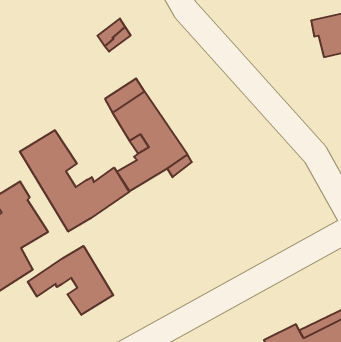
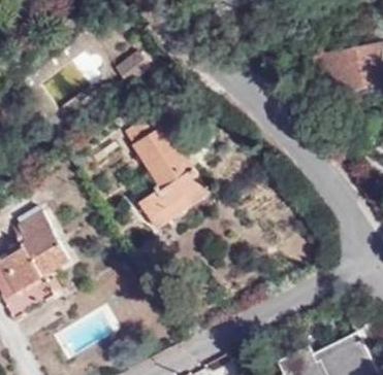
building: [20,130,129,232] -> none
building: [28,246,113,315] -> none

